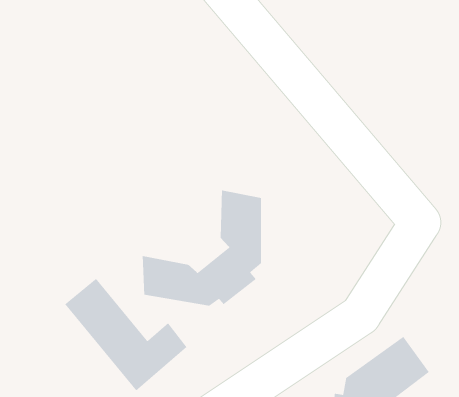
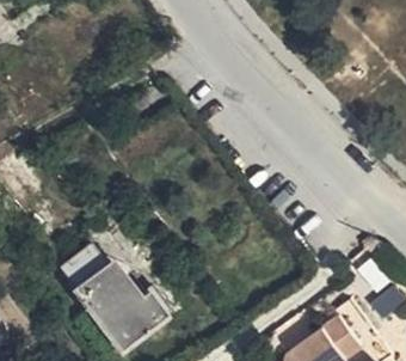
building: [142,190,262,307] -> none

